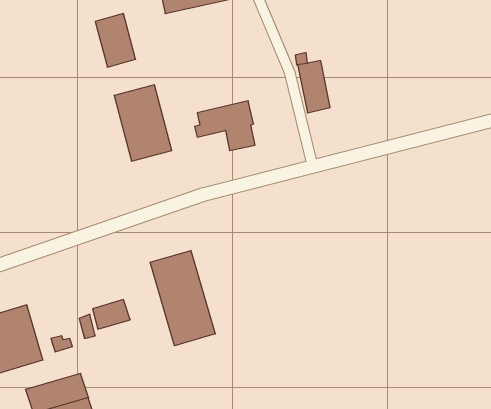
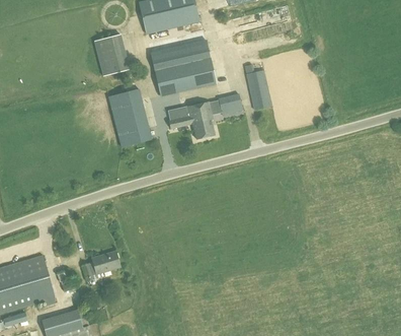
building: none -> [148,30,216,94]
building: none -> [218,92,243,119]
building: [150,250,215,346] -> none

